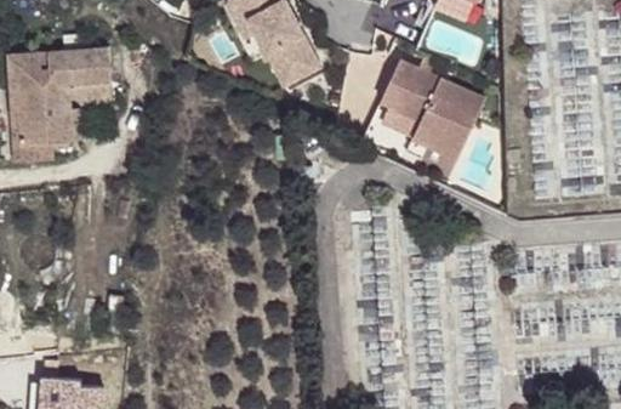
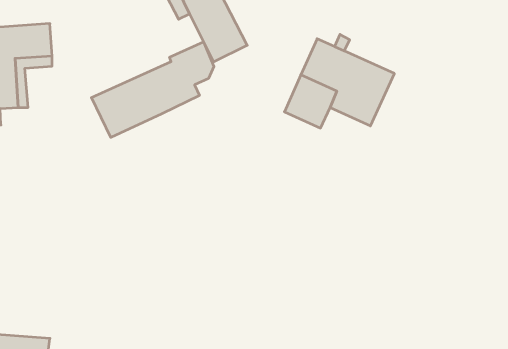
building: none -> [91,42,214,137]

